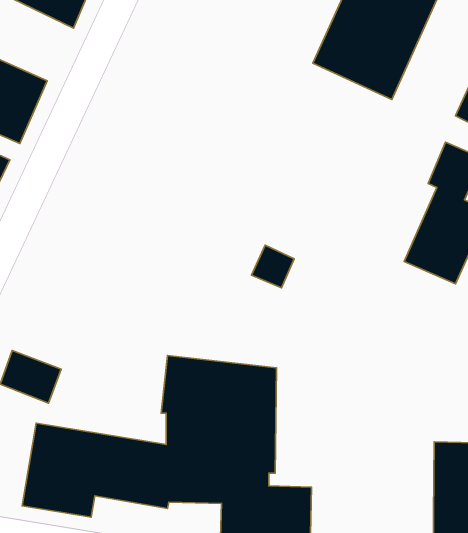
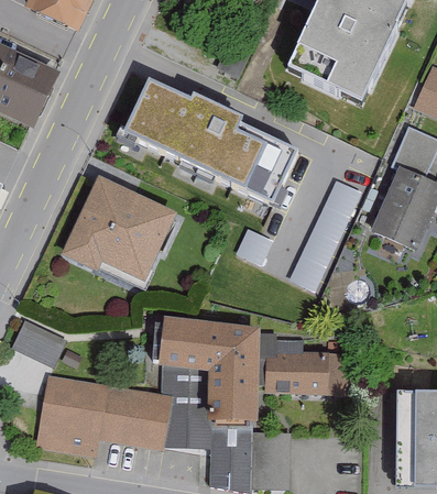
building: none -> [113,81,278,212]
building: none -> [293,171,364,284]
building: none -> [59,178,178,285]
building: none -> [264,339,348,398]

